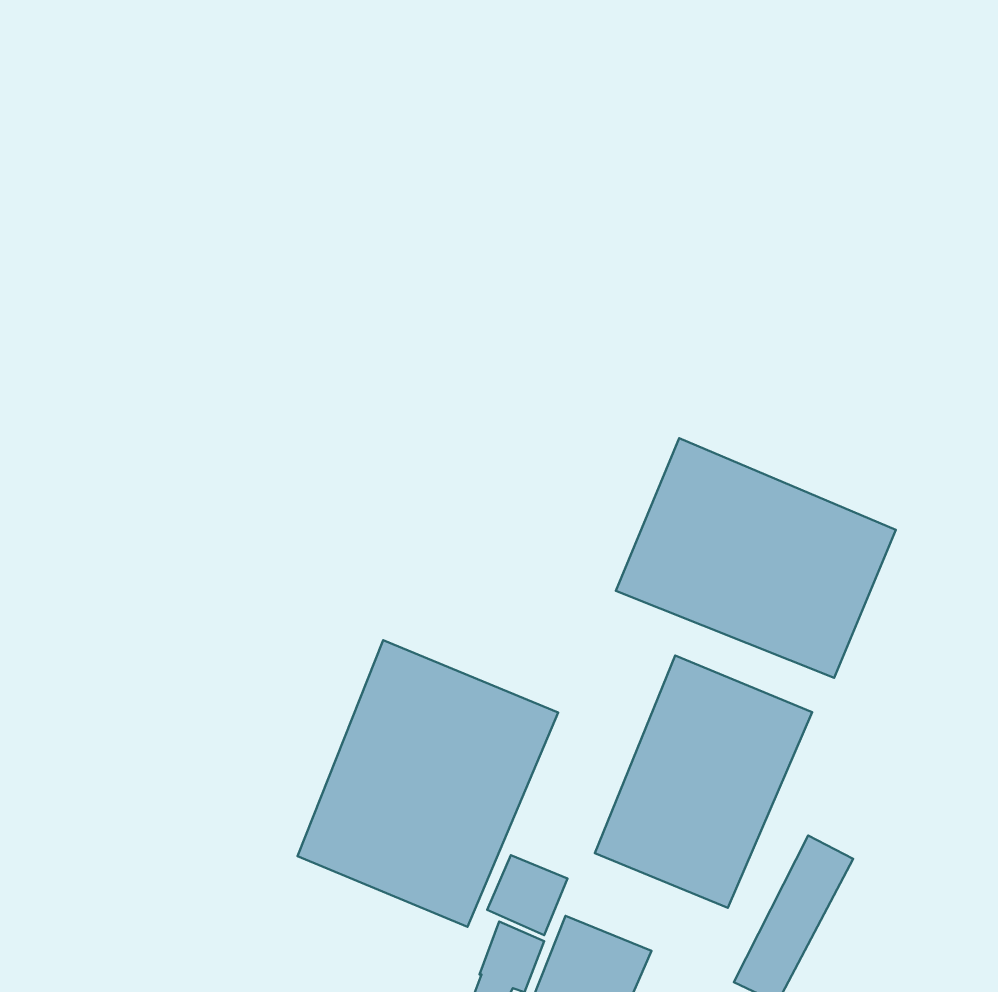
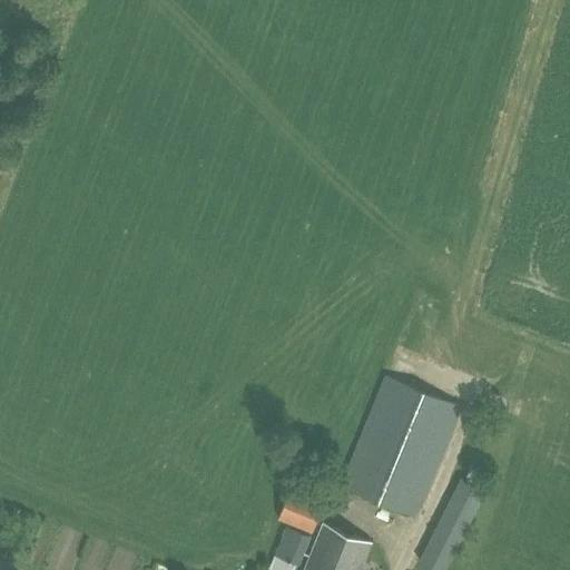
building: [616,438,896,678] -> none
building: [298,640,558,927] -> none

